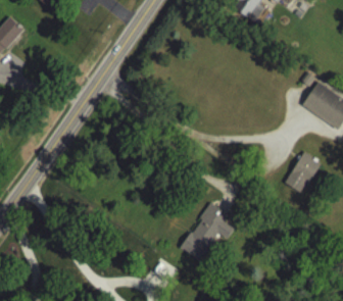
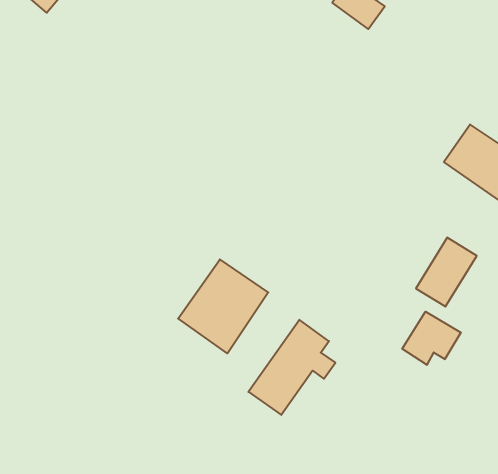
building: none -> [178,259,268,353]
building: none -> [402,312,461,365]

